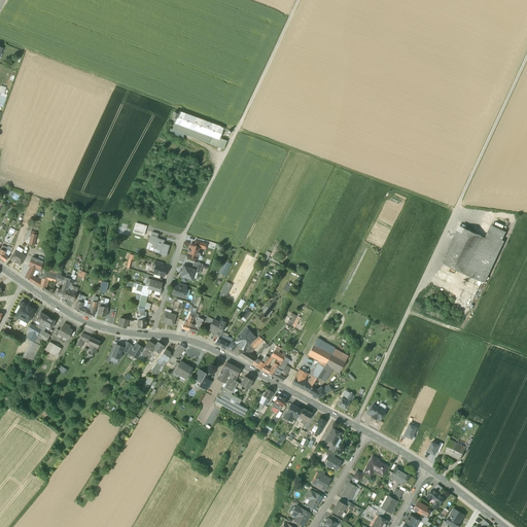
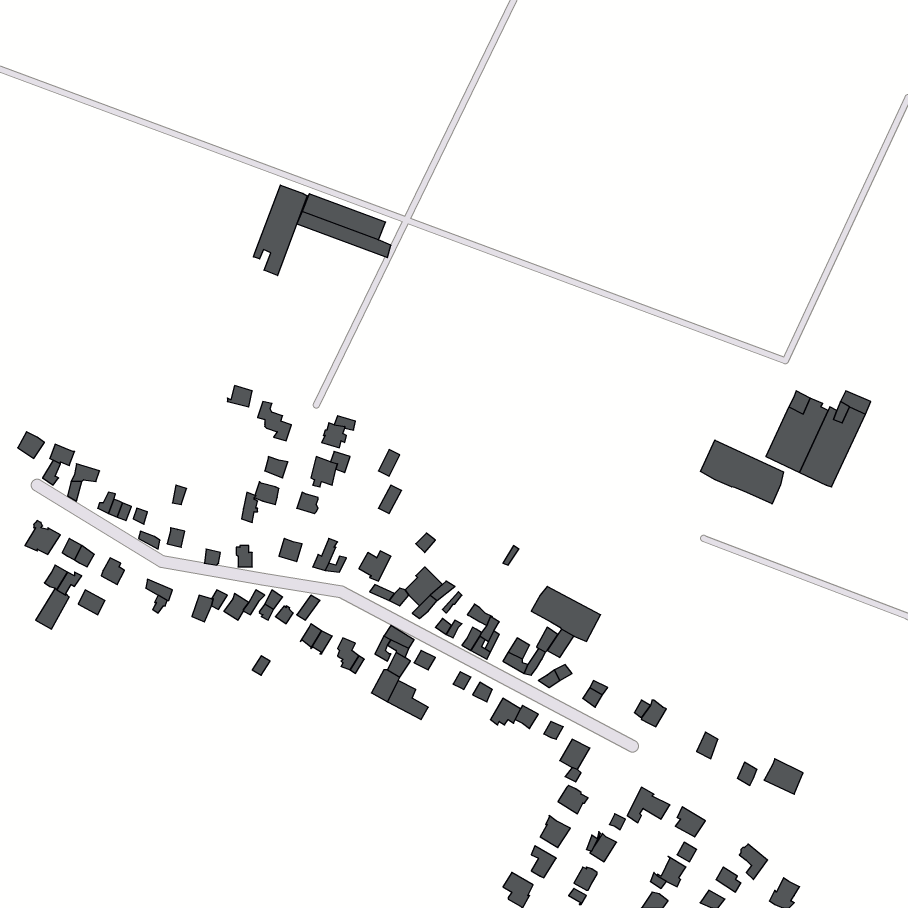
building: none -> [253,185,307,276]
building: none -> [700,440,784,504]

